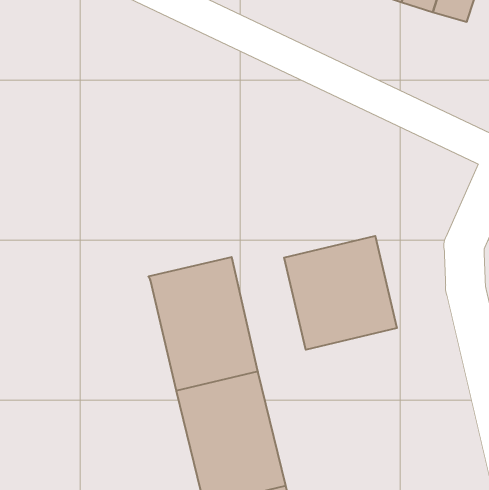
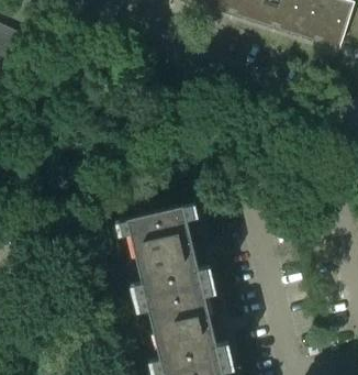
building: [284,236,397,350] -> none

